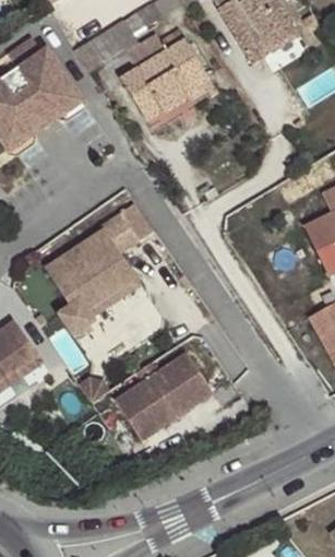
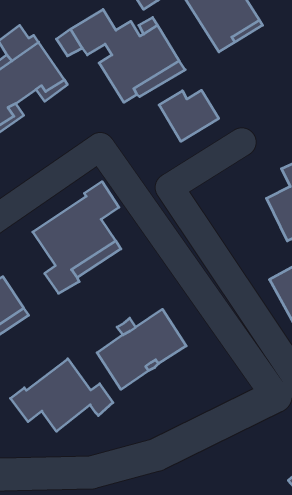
building: none -> [159,90,219,141]
building: none -> [10,359,113,431]

